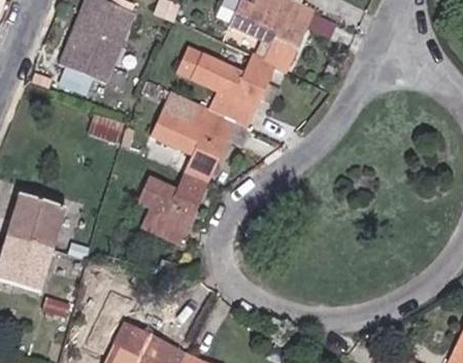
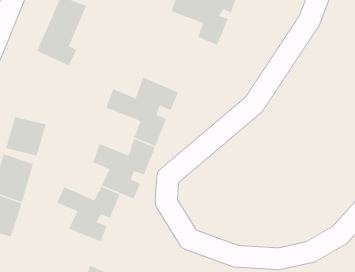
building: [177,46,274,123] -> none
building: none -> [5,116,47,157]
building: none -> [56,186,121,242]

